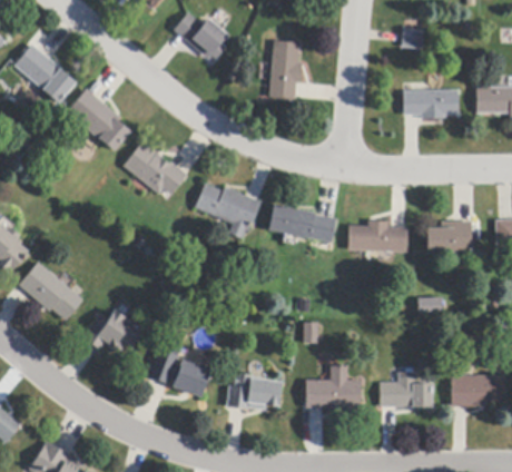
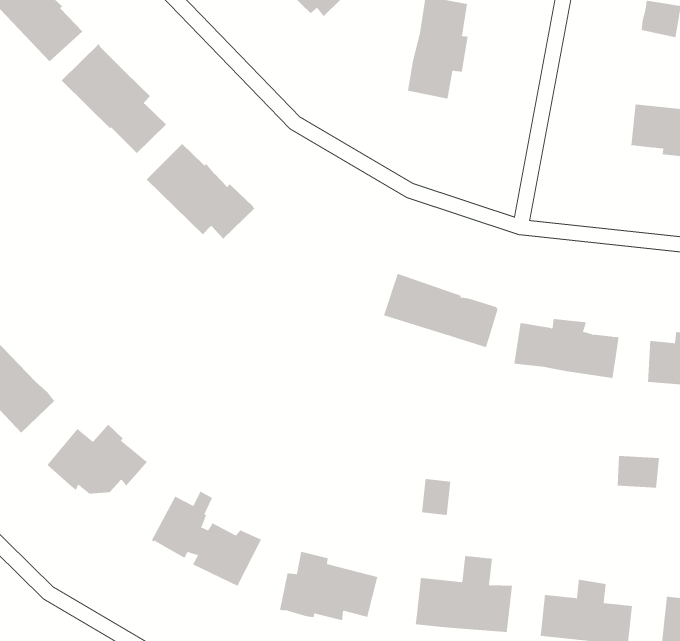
building: [195,183,260,238] -> none

